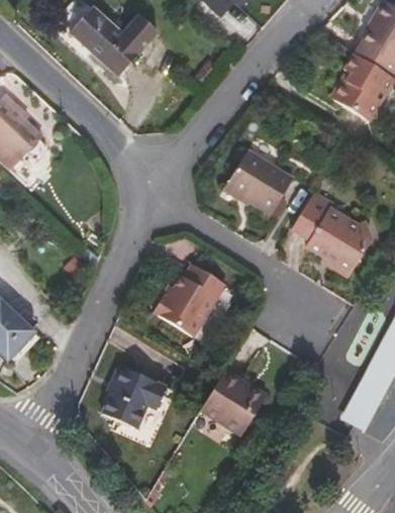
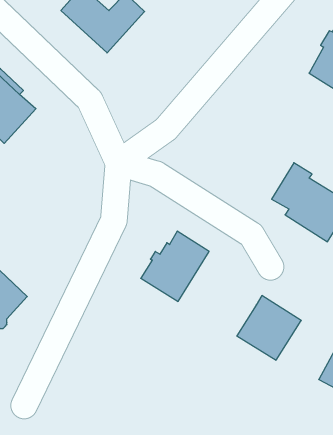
building: [225,148,294,214] -> none
building: [100,366,166,428] -> none
building: [200,368,268,435] -> [237,296,301,360]

